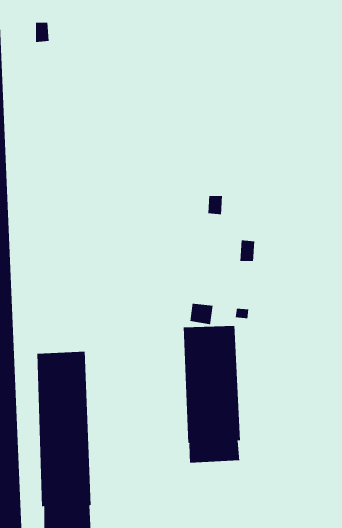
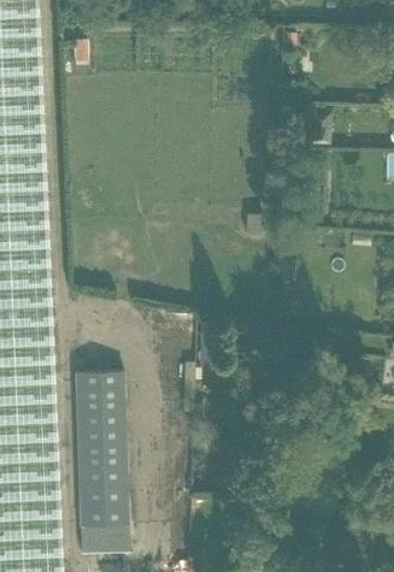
building: [183,325,241,463] -> none

